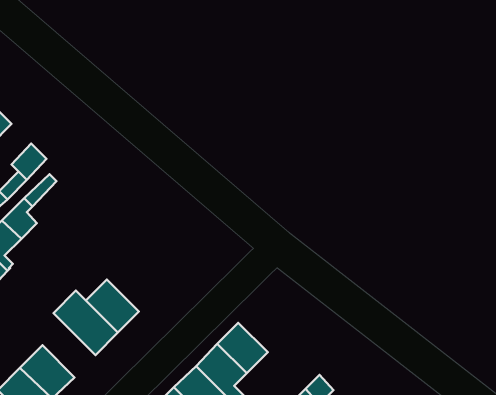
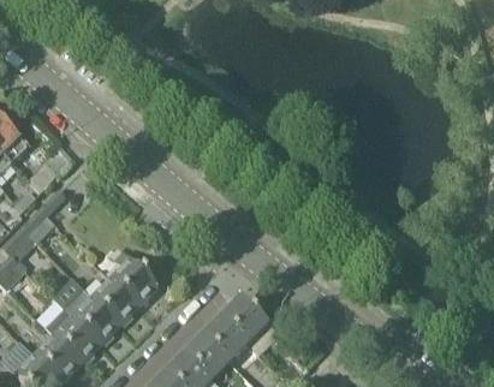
building: none -> [109,244,157,298]
building: none -> [222,288,276,345]
building: none -> [46,299,100,355]

